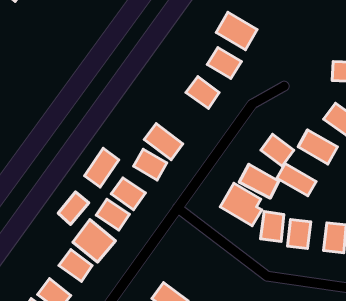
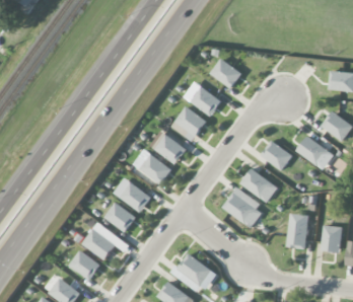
building: [216,12,257,50] -> none
building: none -> [171,106,207,137]
building: [84,148,119,187] -> none
building: [277,164,316,196] -> none
building: [58,192,89,224] -> none
building: [260,211,284,241] -> none
building: none -> [178,254,216,295]

